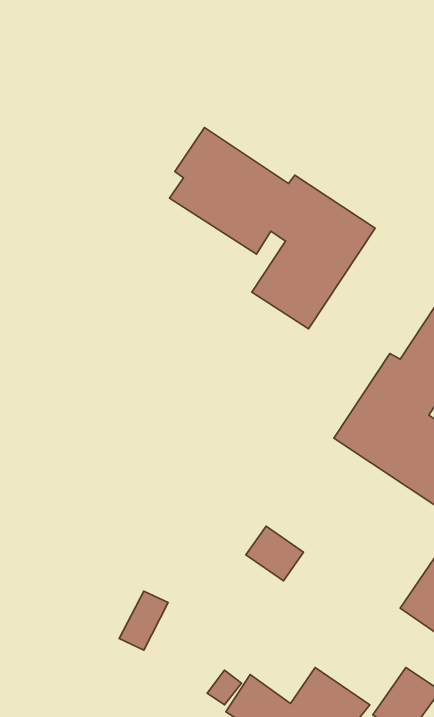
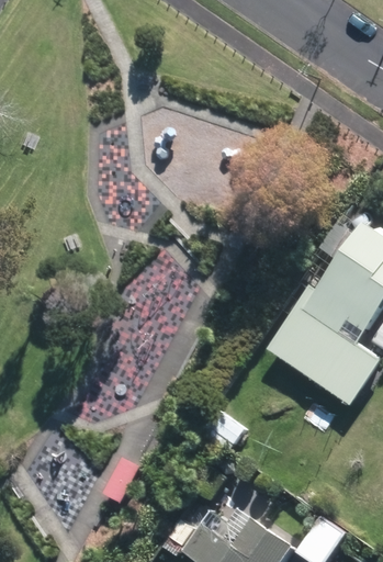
building: [169,128,375,329] -> none

